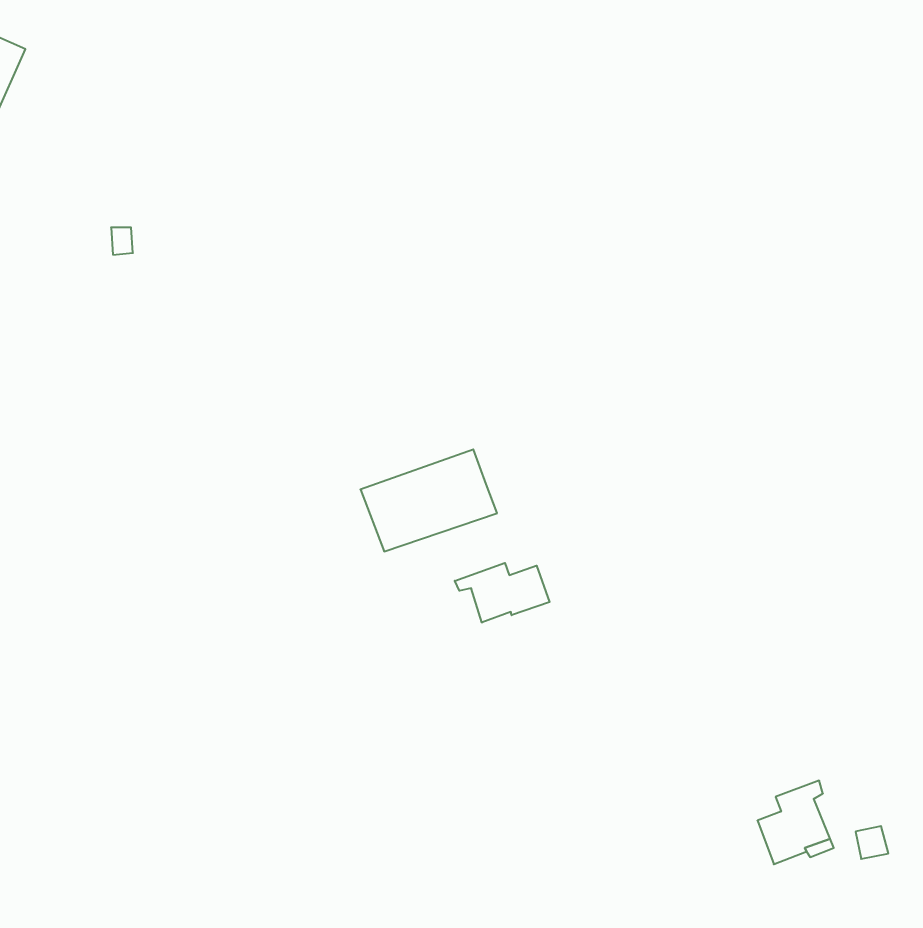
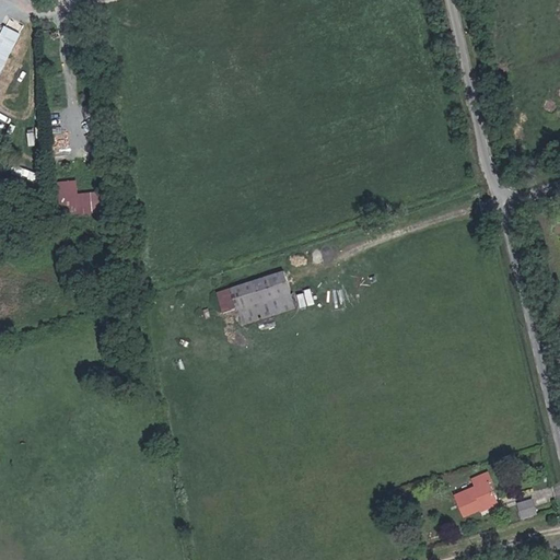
building: none -> [55,178,92,210]
building: [455,563,550,623] -> none

